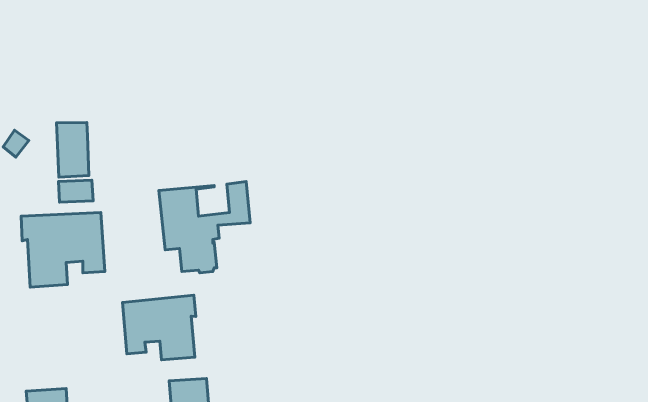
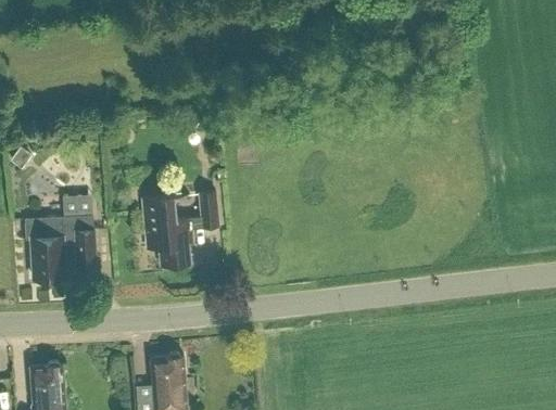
building: [57,122,89,177] -> none
building: [122,295,196,360] -> none

